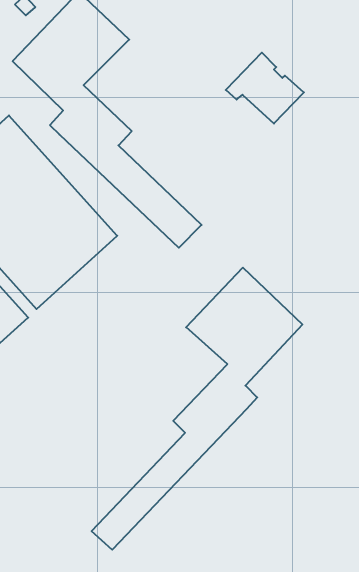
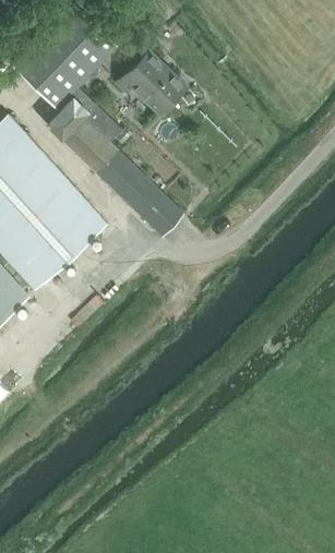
building: [226,53,304,124] -> [116,51,187,116]
building: [92,268,302,550] -> none

